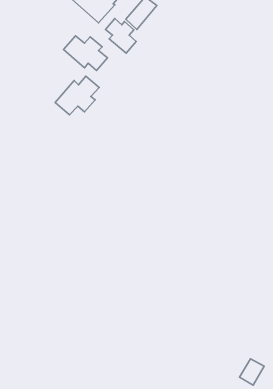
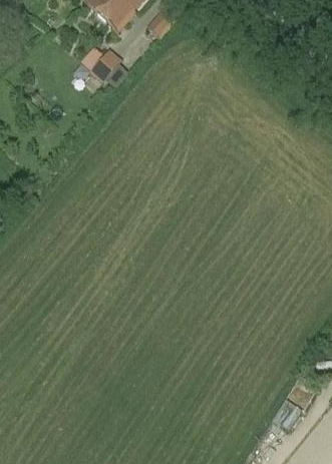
building: [106,19,136,53] -> none
building: [55,76,99,115] -> none

